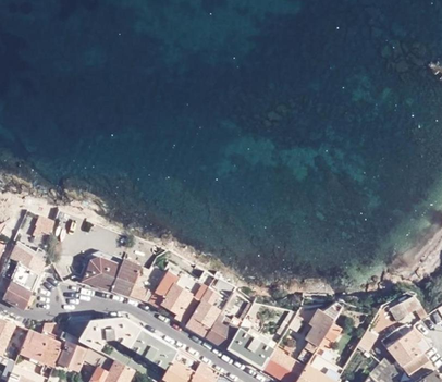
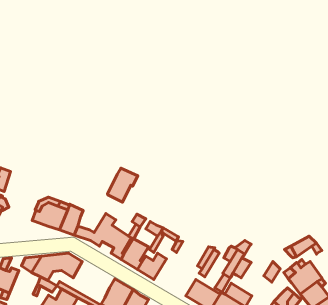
building: none -> [107,168,138,202]
building: [128,328,177,371] -> none
building: [226,328,275,369] -> none
building: [58,341,86,369] -> none

